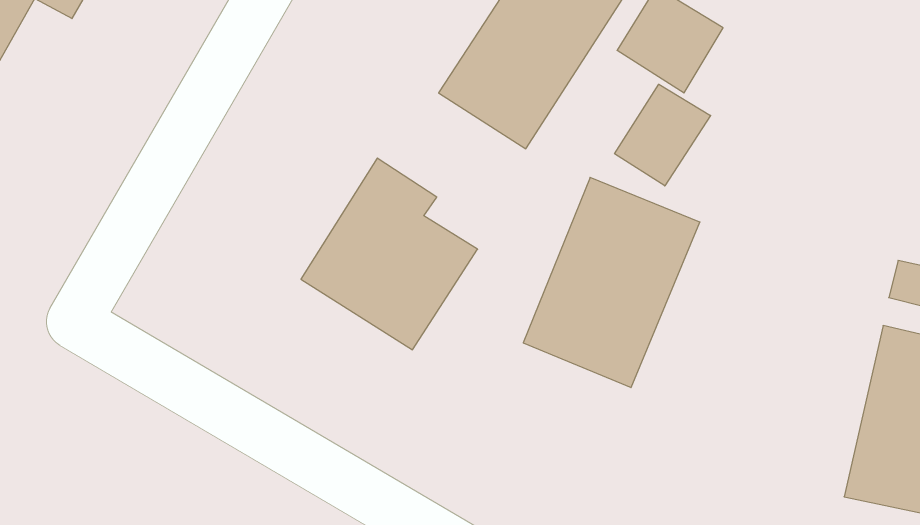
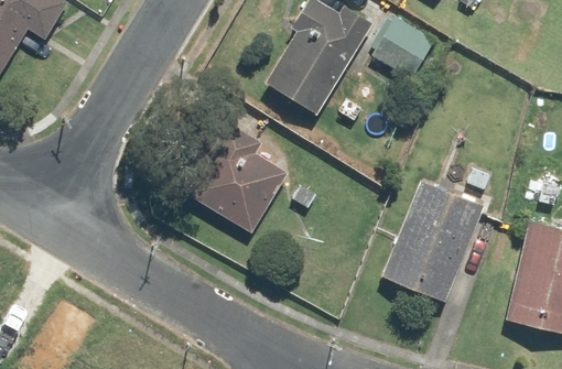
building: [615,84,711,186] -> none
building: [523,177,700,388] -> [380,178,485,303]

